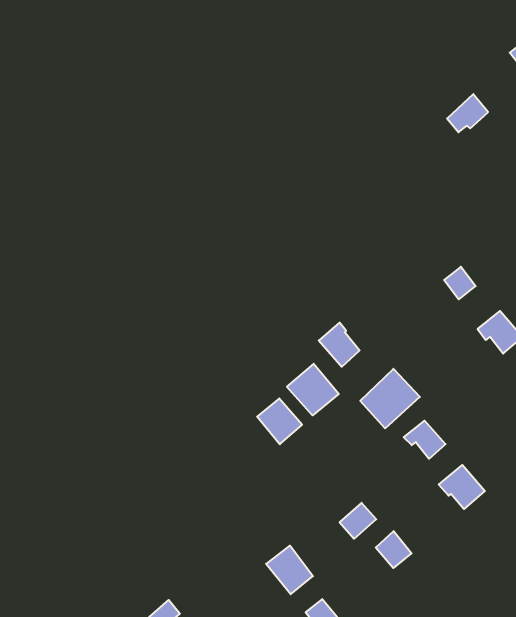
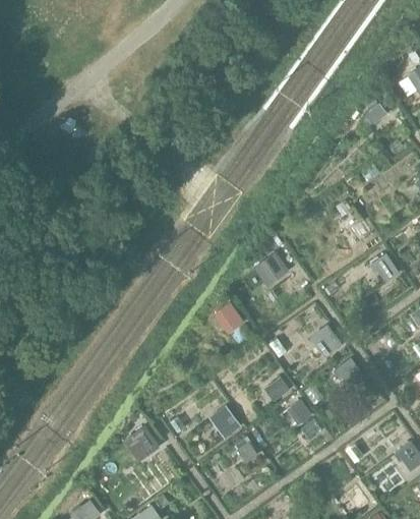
building: [287,364,339,415] -> none
building: [360,369,420,428] -> none

